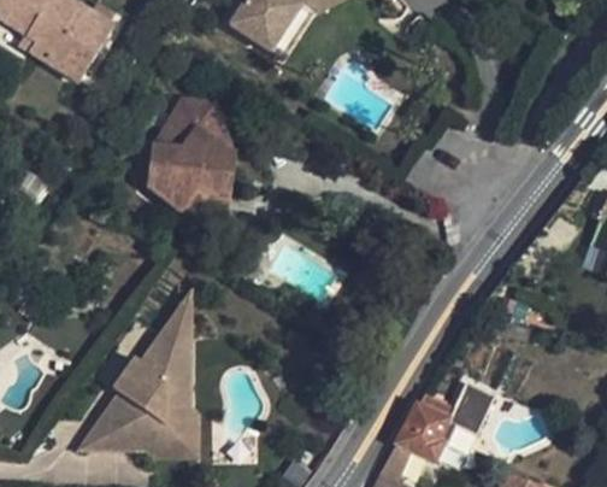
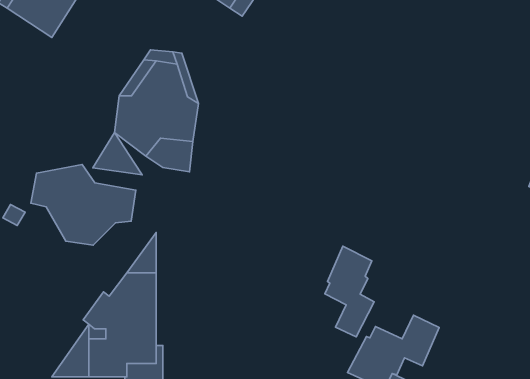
building: none -> [93,133,142,175]
building: none -> [31,165,136,245]
building: none -> [325,246,374,337]

